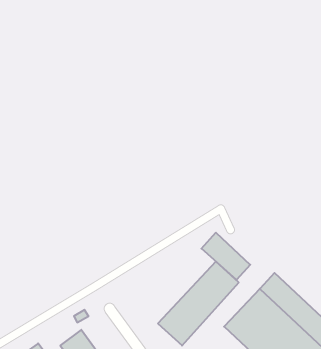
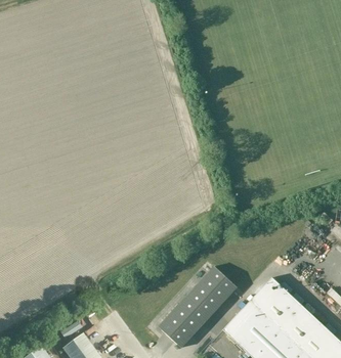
building: [201,233,250,280] -> none

